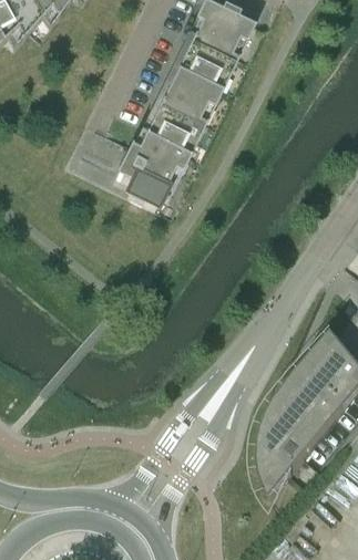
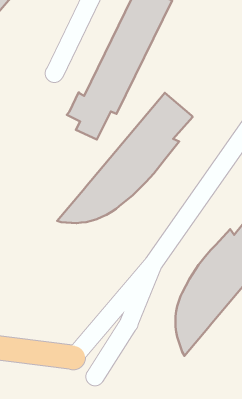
building: none -> [57,93,192,223]

